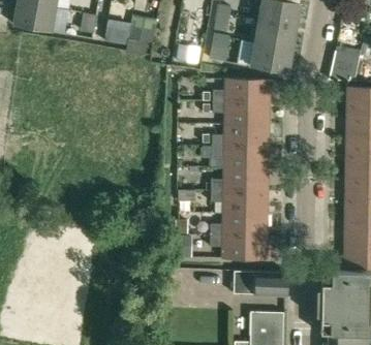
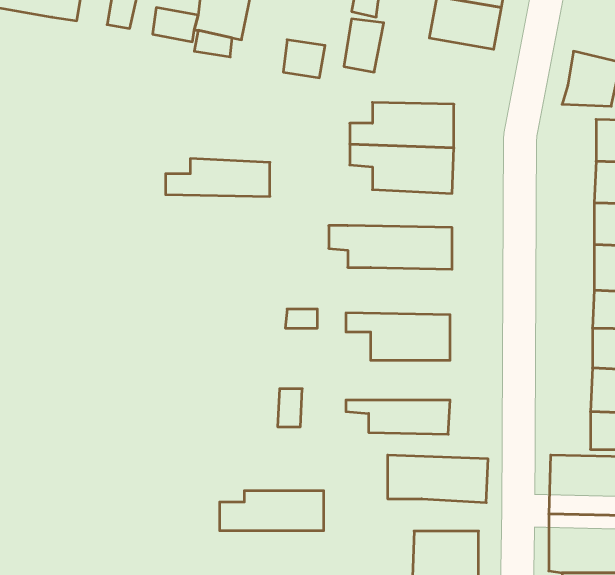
building: [238,40,291,72] -> none
building: [212,125,269,146] -> [166,159,270,196]
building: [211,167,269,193] -> none
building: [211,218,268,240] -> [220,491,324,531]

